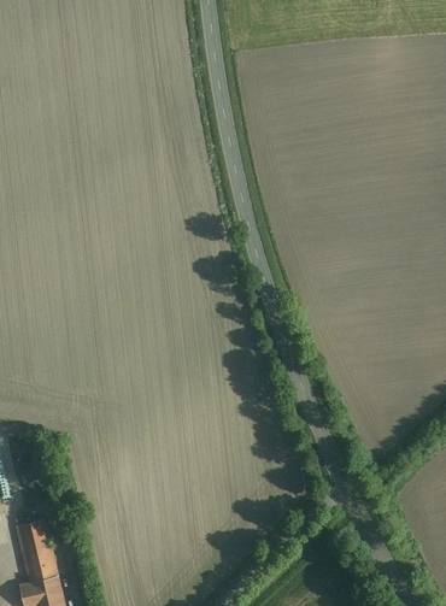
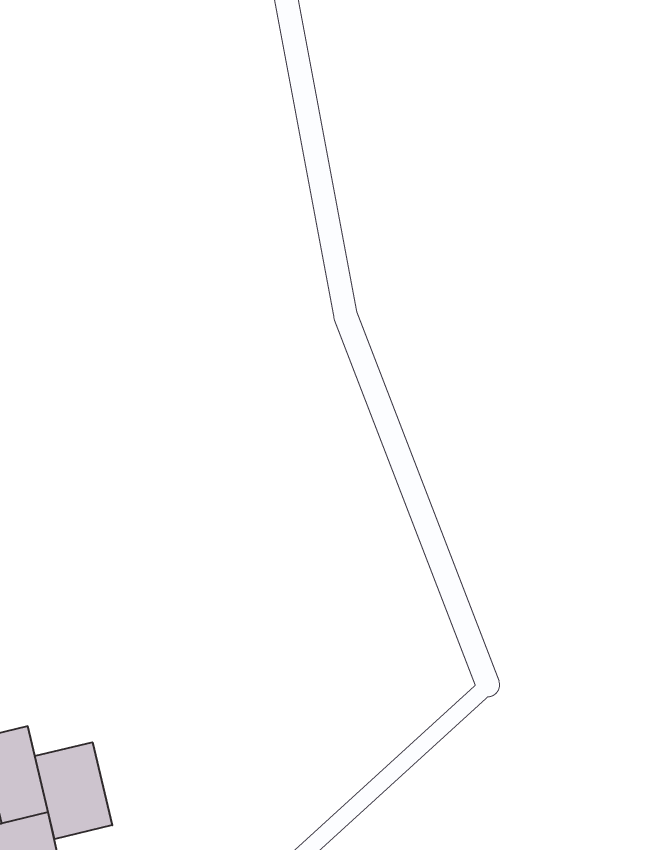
building: none -> [35,742,112,839]

